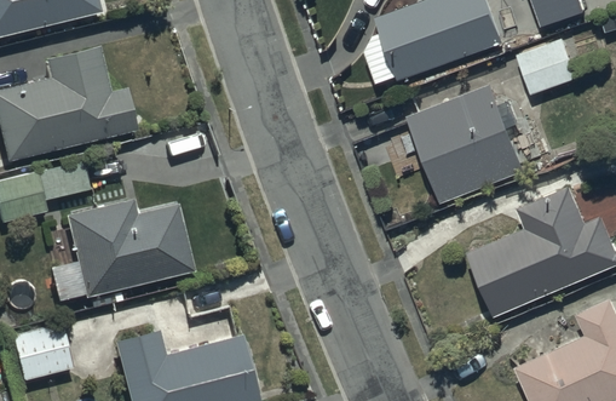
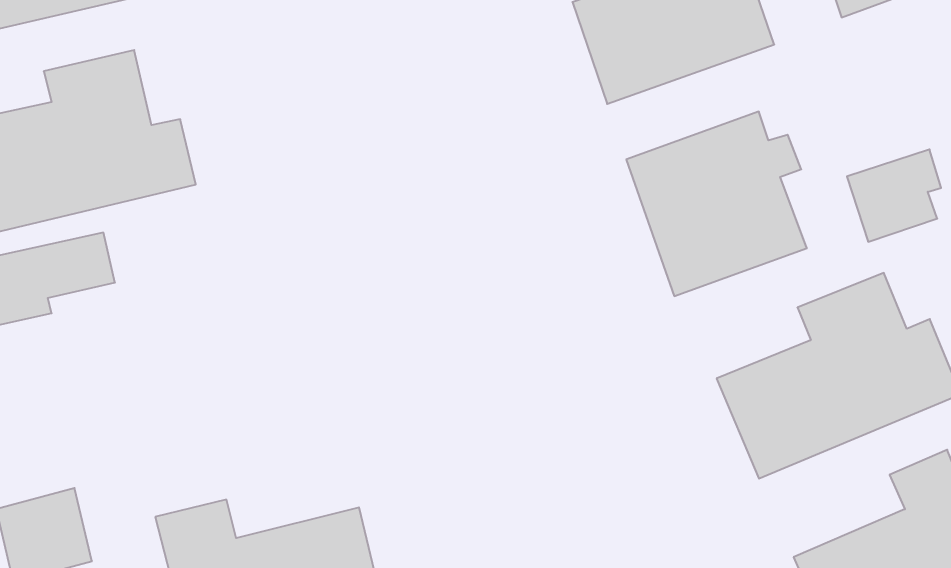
building: [517,36,576,94] -> [847,149,941,242]
building: [62,199,194,297] -> none

